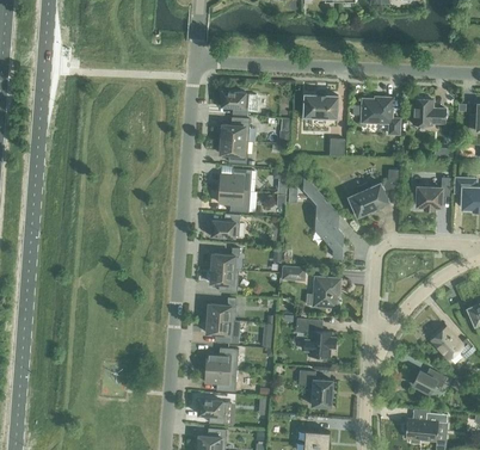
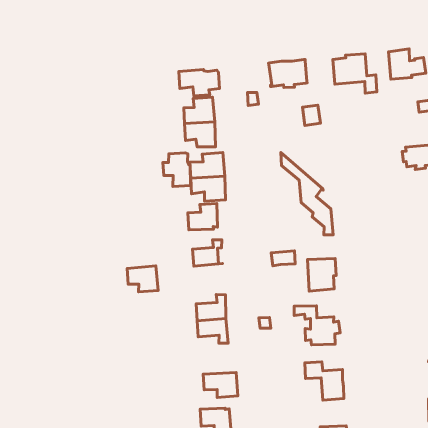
building: none -> [163,153,191,186]
building: [347,169,396,216] -> none
building: [209,269,236,292] -> [127,266,158,292]
building: [205,347,238,370] -> none

